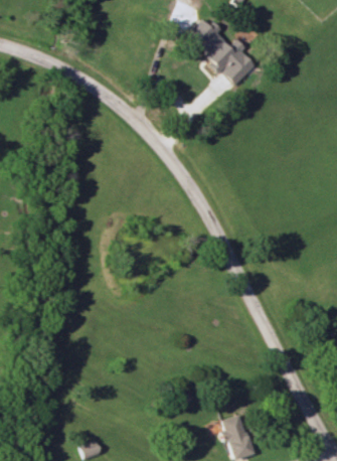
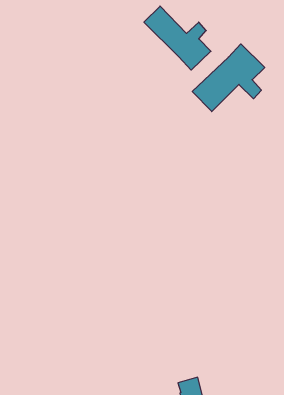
building: none -> [192,44,265,112]

